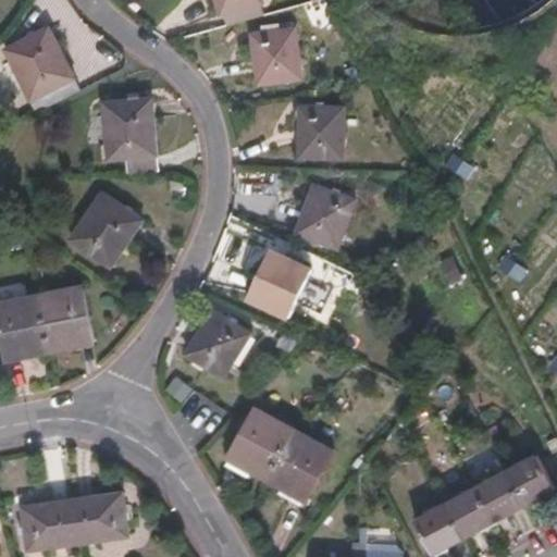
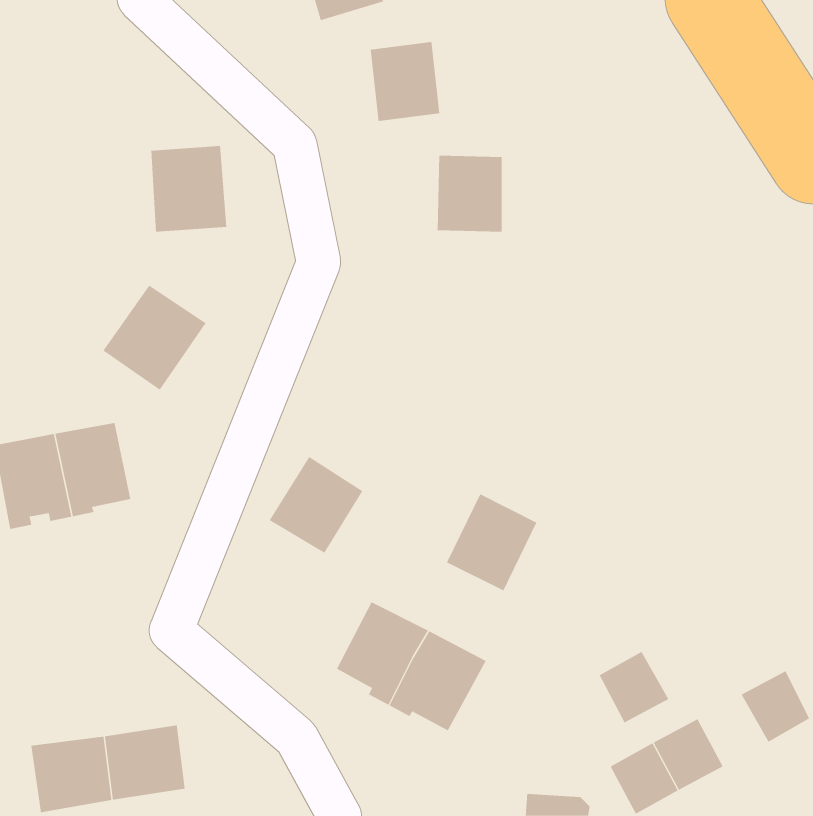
building: [5,28,73,98] -> none
building: [294,185,352,247] -> none
building: [247,249,309,315] -> [446,494,537,591]
building: [474,472,522,521] -> [599,651,669,723]

